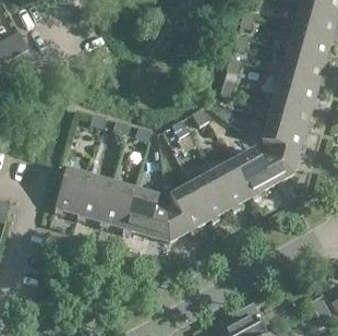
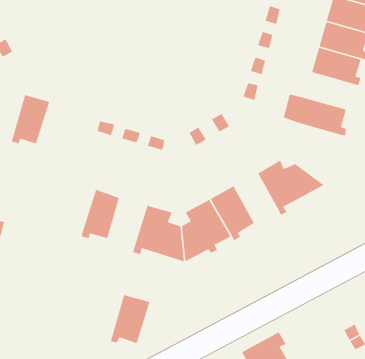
building: [275,70,319,105] -> none
building: [262,115,306,170] -> none
building: [213,159,252,208] -> none
building: [55,167,89,212] -> [11,94,50,144]
building: [99,181,135,226] -> [110,294,151,344]

